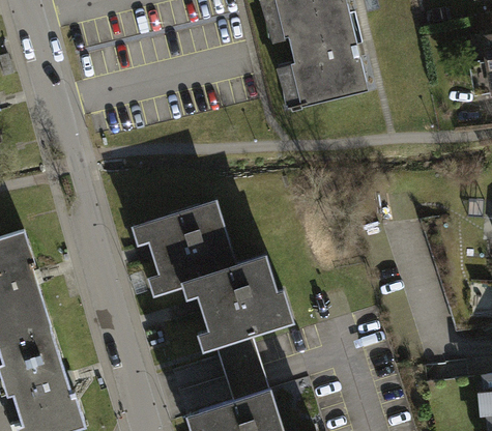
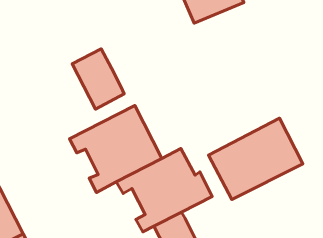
building: none -> [72,49,124,109]
building: none -> [208,118,303,200]

